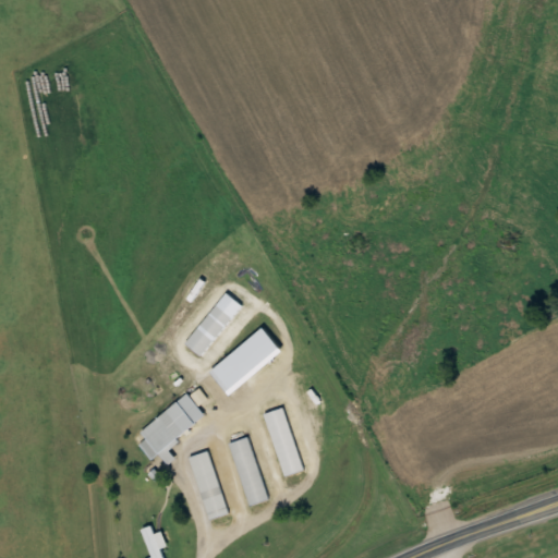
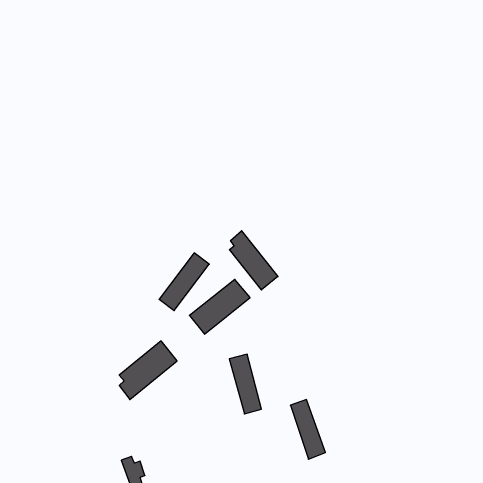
building: none -> [229,231,278,290]
building: [228,438,268,507] -> [290,400,325,459]
building: [189,451,226,520] -> none

